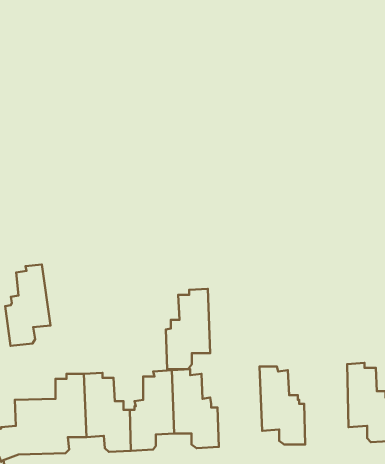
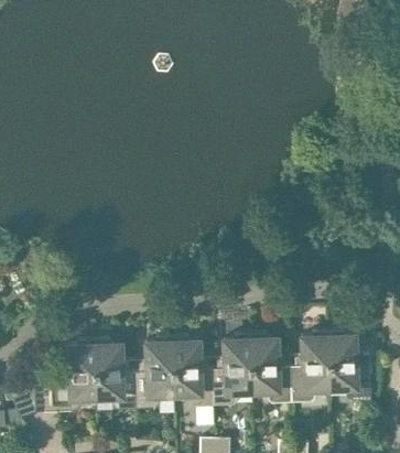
building: [5,265,51,346] -> none
building: [166,289,210,369] -> [213,335,252,407]
building: none -> [290,333,329,405]

